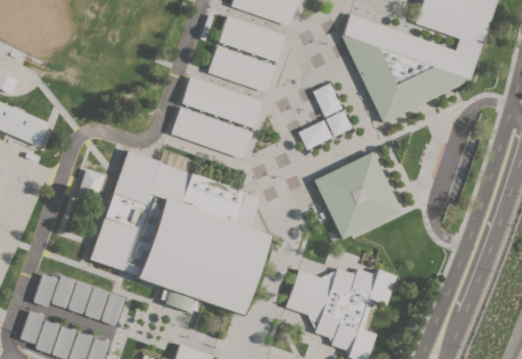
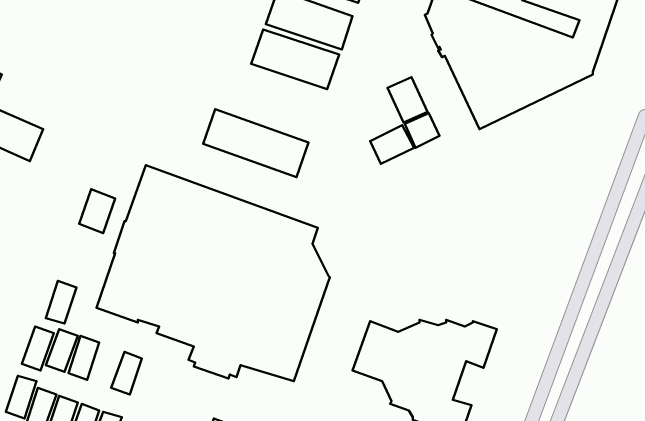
building: [182,76,263,127] -> none
building: [314,152,402,239] -> none
building: [86,287,109,319] -> [46,281,77,324]

